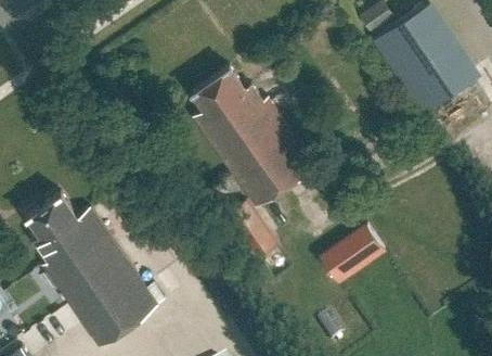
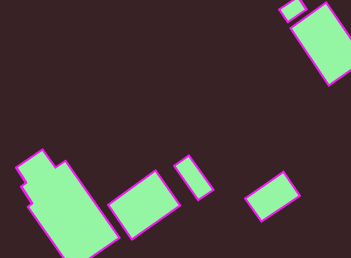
building: [193,65,316,206] -> none
building: none -> [108,170,180,240]

